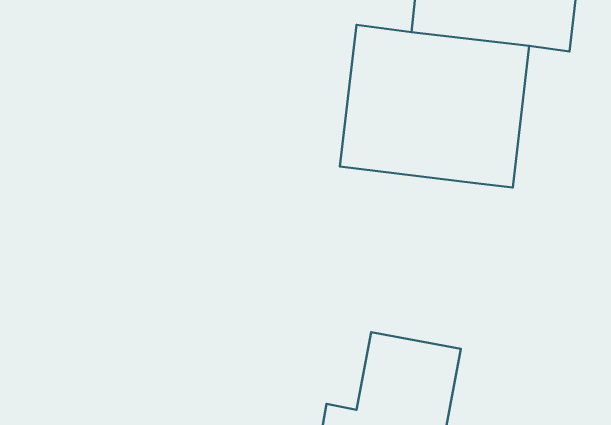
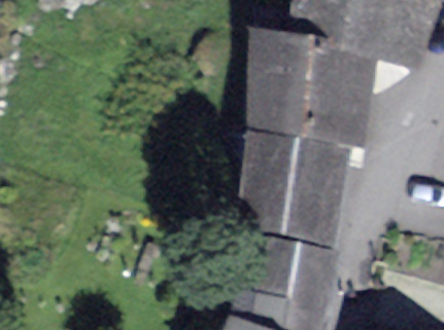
building: none -> [234,133,340,241]

